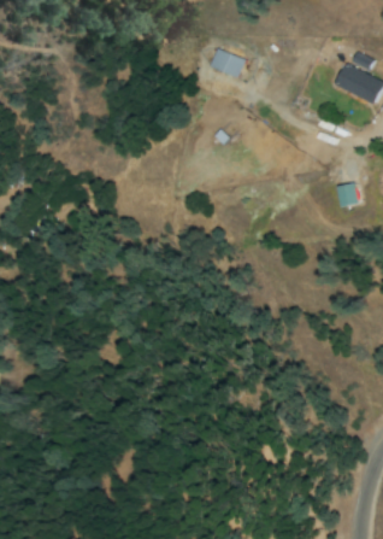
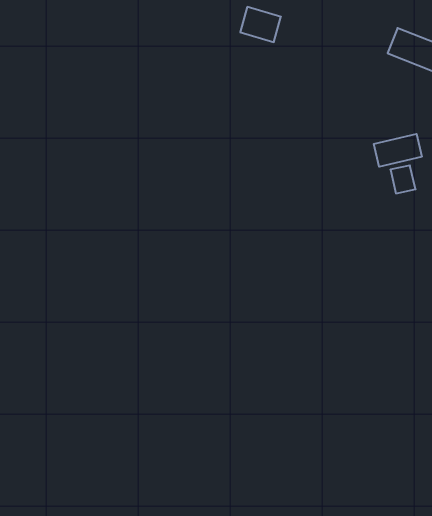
building: none -> [374,134,422,167]

